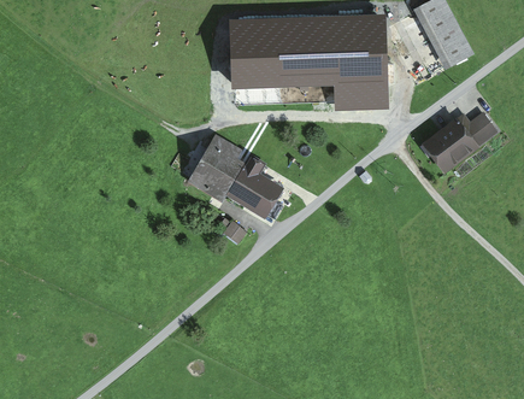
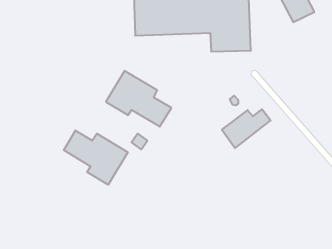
building: [425,116,491,169] -> [222,109,271,148]
building: none -> [64,130,128,185]

